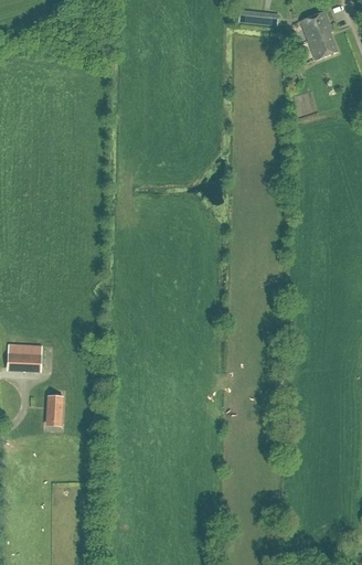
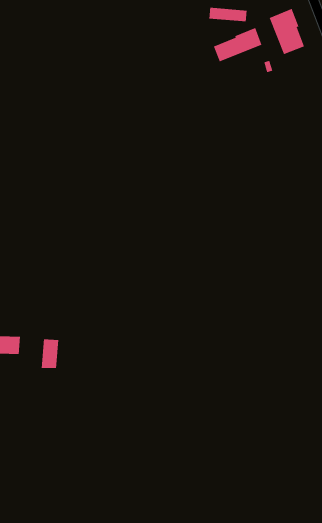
building: none -> [213,27,262,62]
building: [45,395,64,426] -> [41,339,59,369]

